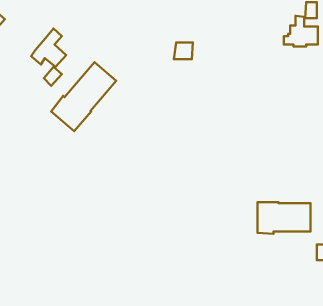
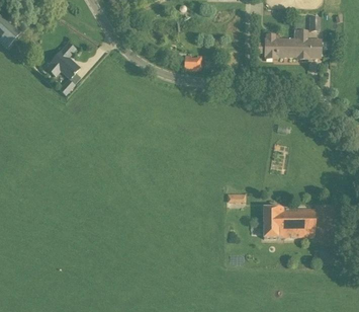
building: none -> [256,32,293,57]
building: [51,62,116,131] -> none

